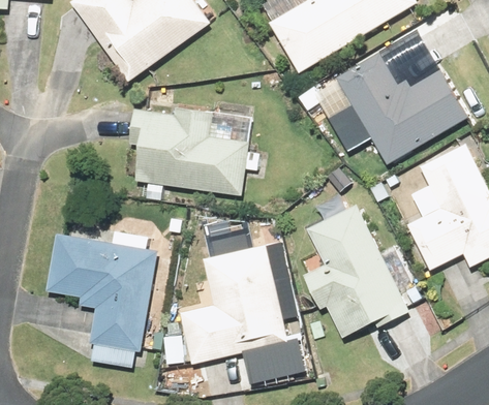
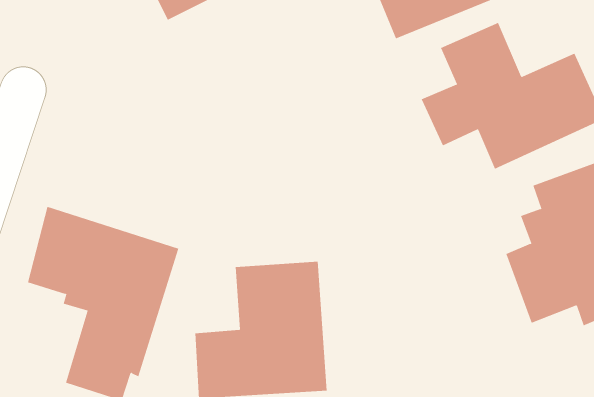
building: [129,106,256,189] -> none
building: [303,201,415,334] -> none

